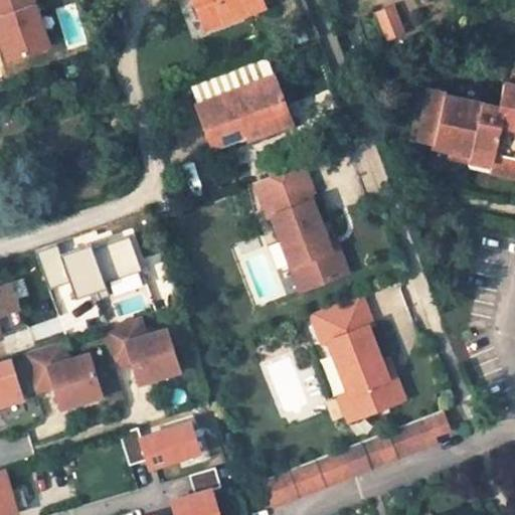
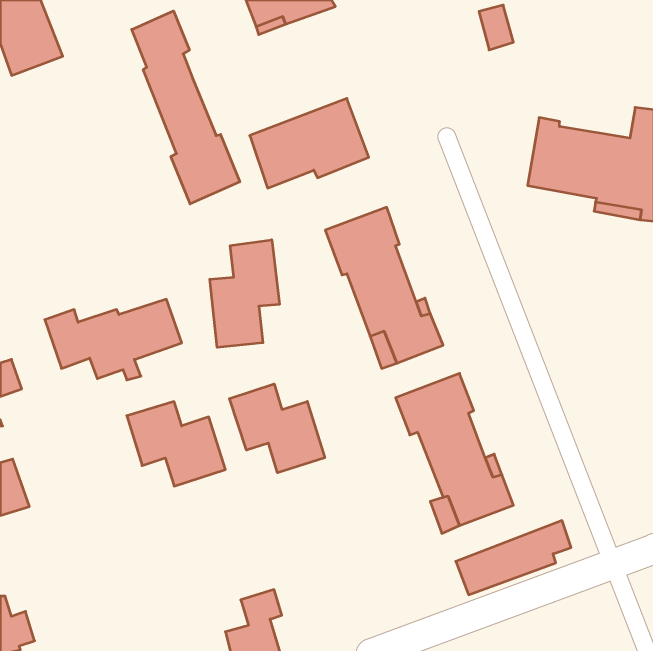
building: none -> [132,11,240,204]
building: none -> [210,240,279,347]
building: none -> [229,384,325,473]
building: [22,342,100,408] -> none
building: [121,422,199,467] -> none
building: [261,451,351,509] -> none

